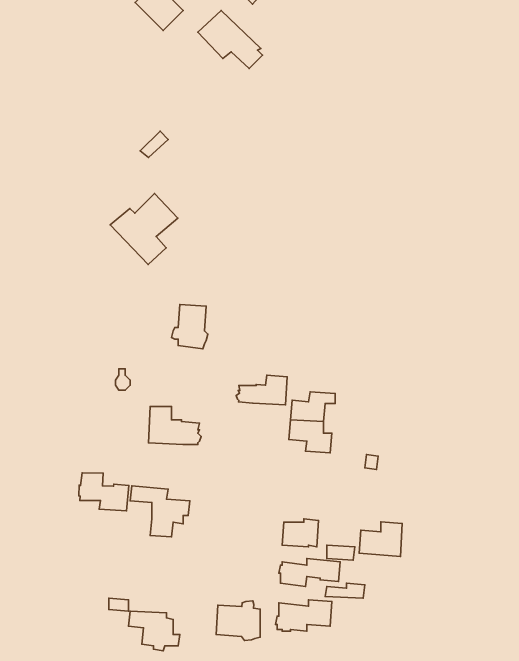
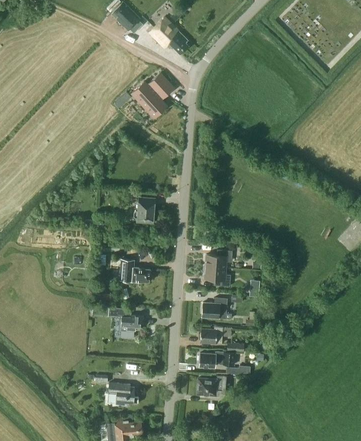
building: [110,194,178,264] -> [133,75,174,118]
building: [236,375,287,405] -> none
building: [79,473,129,511] -> none
building: [359,522,402,557] -> [201,298,227,319]
building: [216,601,260,641] -> none

